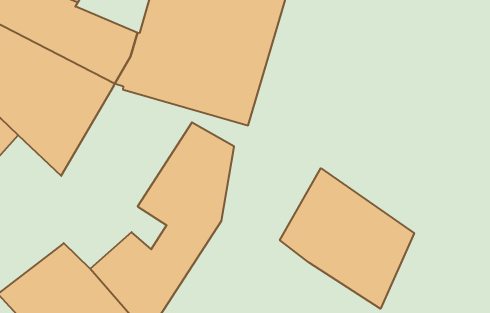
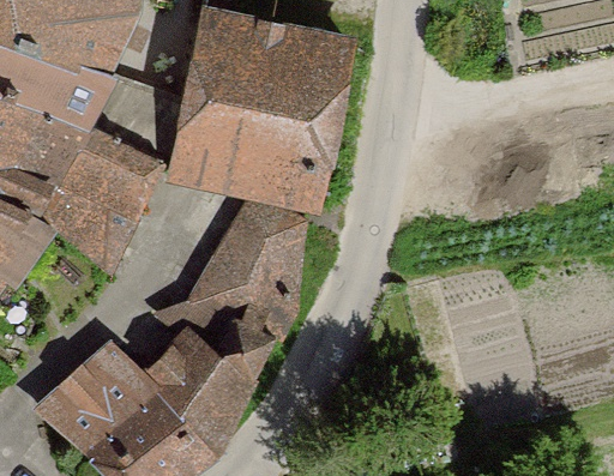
building: [280,168,414,309] -> none

